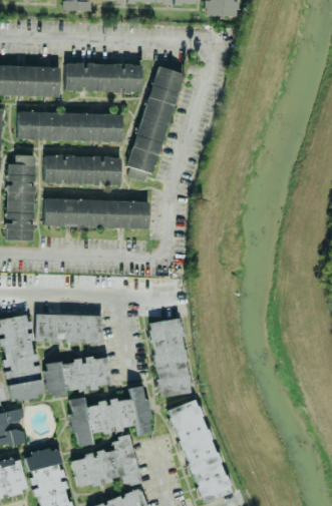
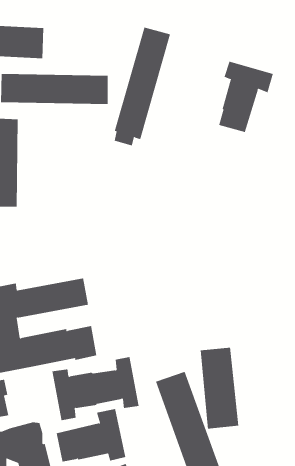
building: [64,62,141,93] -> none
building: none -> [219,61,273,133]
building: [44,155,121,185] -> none
building: [44,198,149,228] -> none
building: [150,318,189,397] -> [200,347,239,429]

